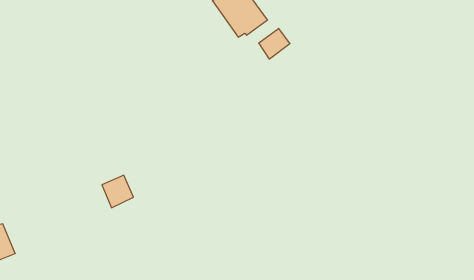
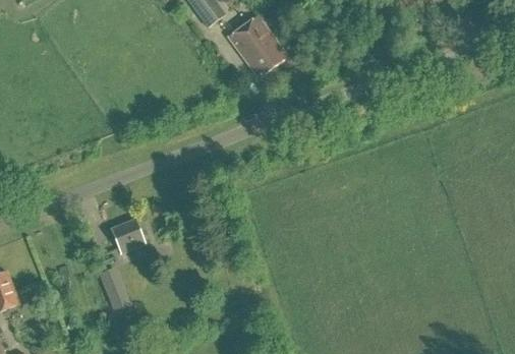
building: [259,28,290,59] -> none
building: none -> [96,261,129,307]

